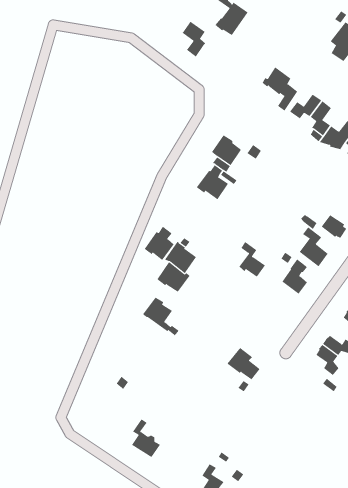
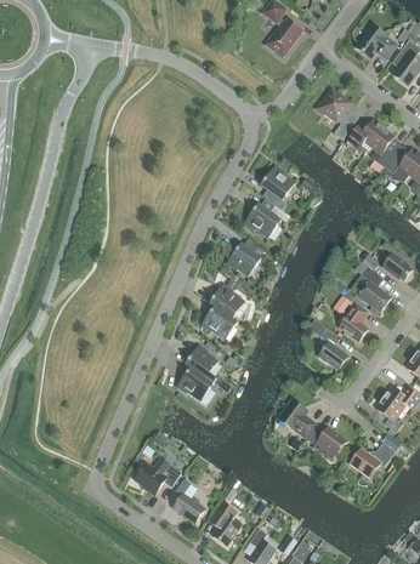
building: none -> [354,23,397,58]
building: [182,21,206,58] -> none
building: [144,226,175,261] -> [227,237,261,275]
building: [238,241,266,278] -> [318,327,348,368]
building: none -> [176,366,212,399]
building: none -> [308,425,347,455]
building: none -> [351,441,395,475]
building: none -> [135,456,182,494]
building: none -> [209,501,242,545]

